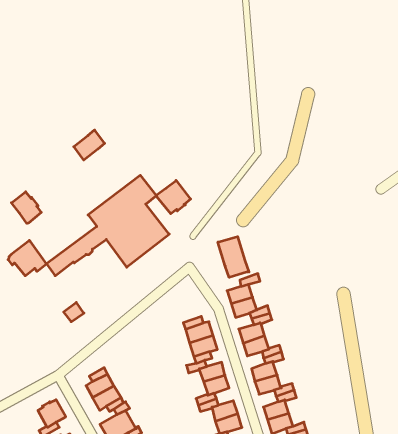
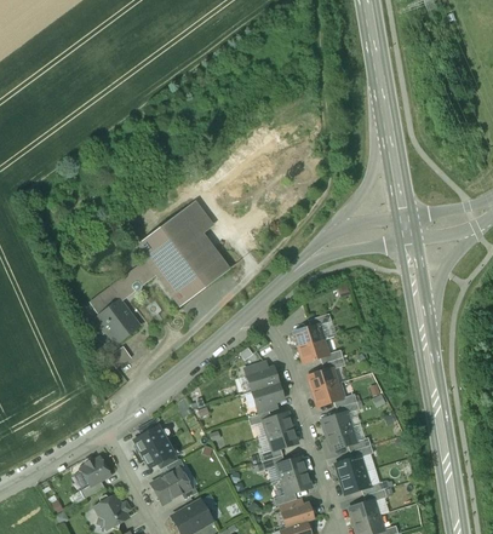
building: [74,130,105,160] -> none
building: [156,180,191,214] -> none
building: [11,192,41,223] -> none
building: [218,237,249,277] -> none
building: [8,240,46,276] -> [96,299,139,339]

